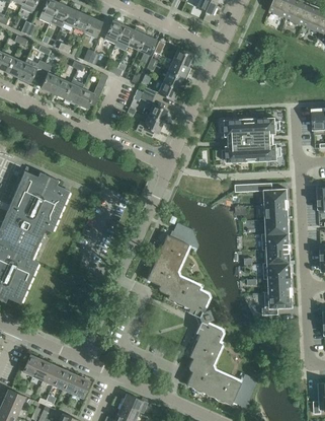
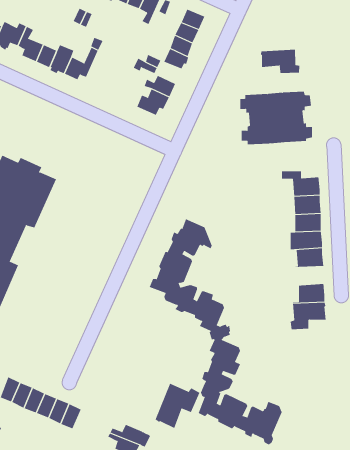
building: none -> [260,49,300,74]
building: [263,263,291,279] -> none
building: none -> [155,383,200,429]

